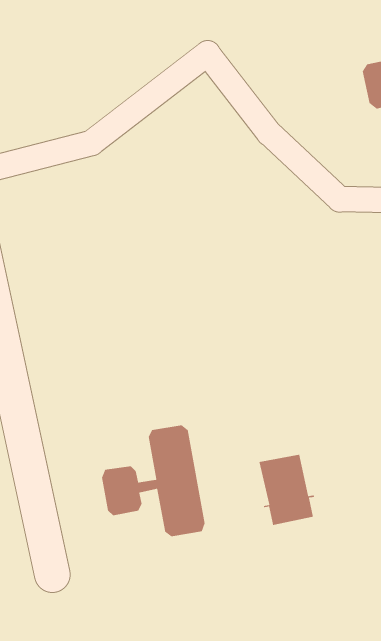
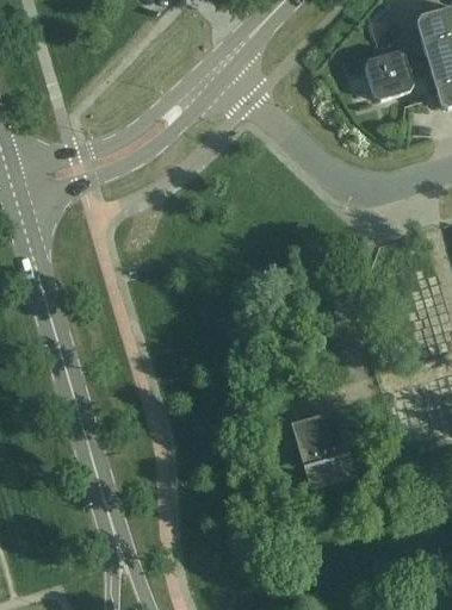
building: [101,425,206,537] -> none

